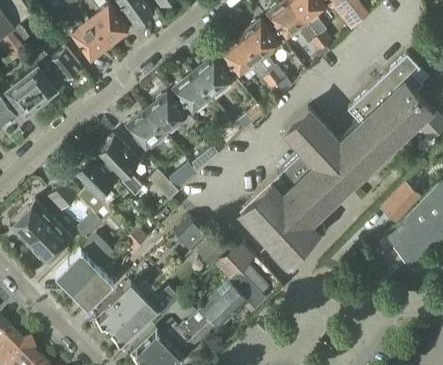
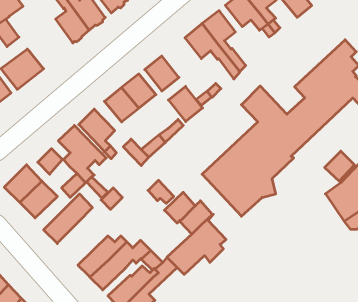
building: [30,46,81,86] -> none
building: [194,55,234,96] -> [168,86,203,122]
building: [72,264,114,307] -> none

